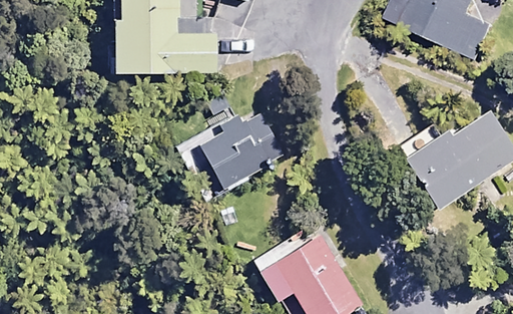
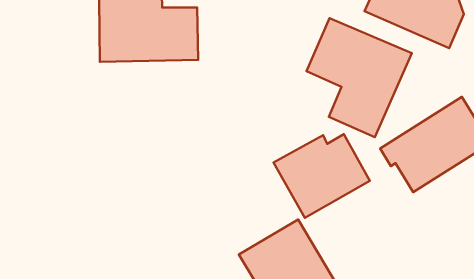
building: none -> [307,18,412,137]
building: [185,107,285,194] -> [274,134,370,218]

